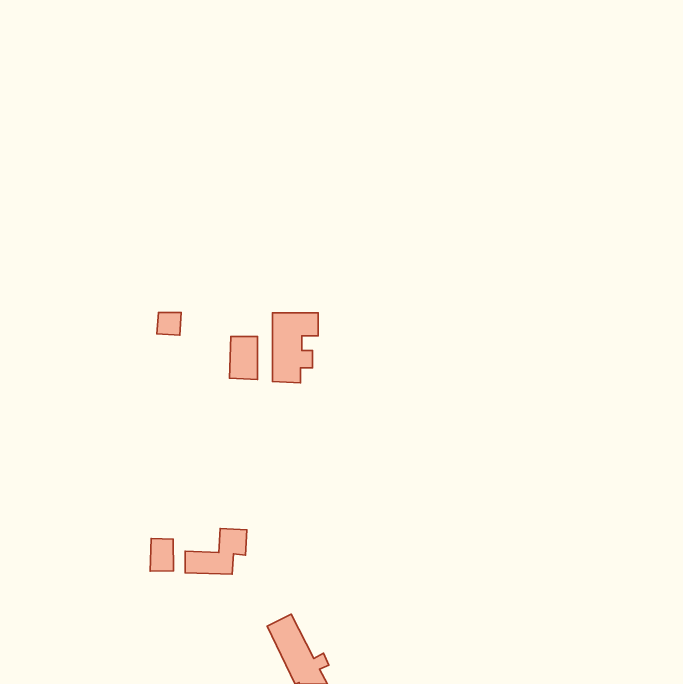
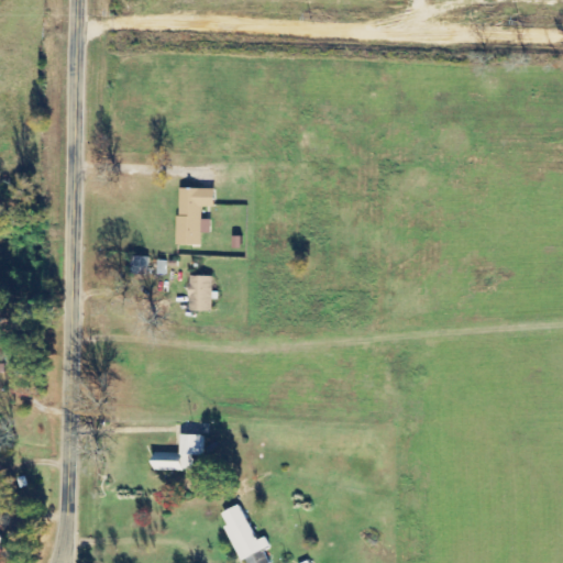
building: [272,313,318,383] -> [177,188,214,245]
building: [150,539,173,571] -> none

